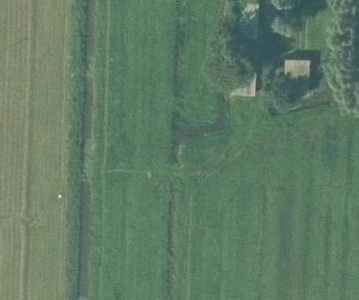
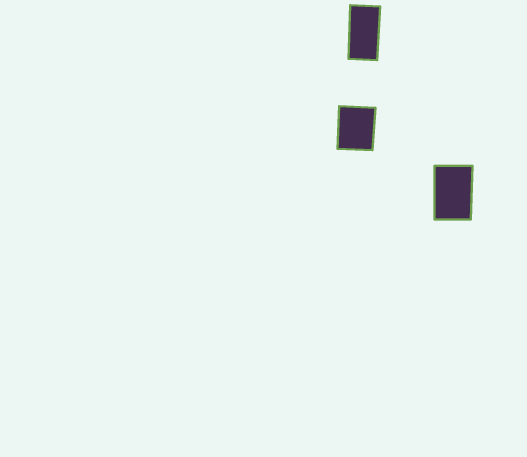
building: [286,58,310,92] -> [435,166,472,220]

